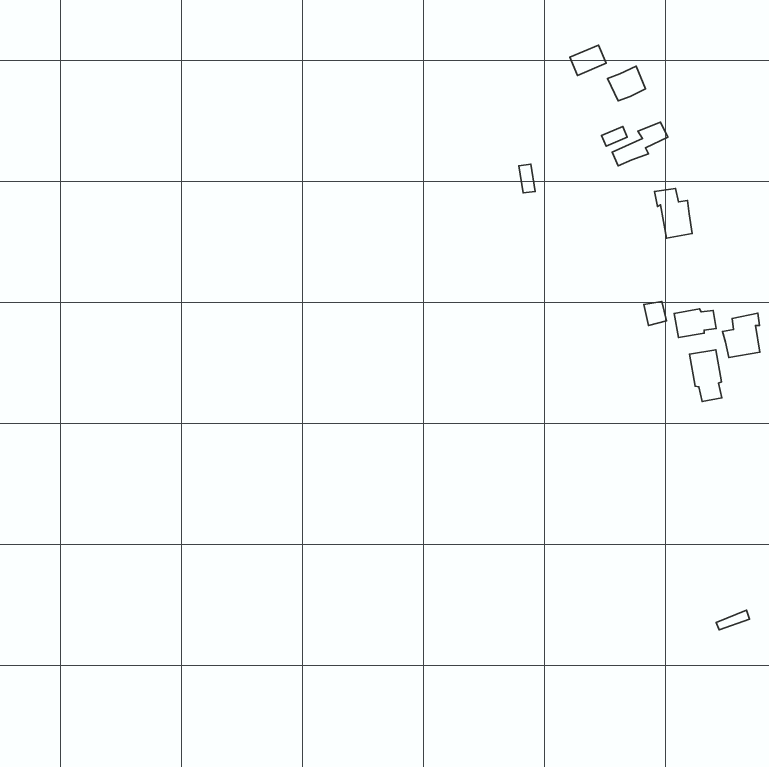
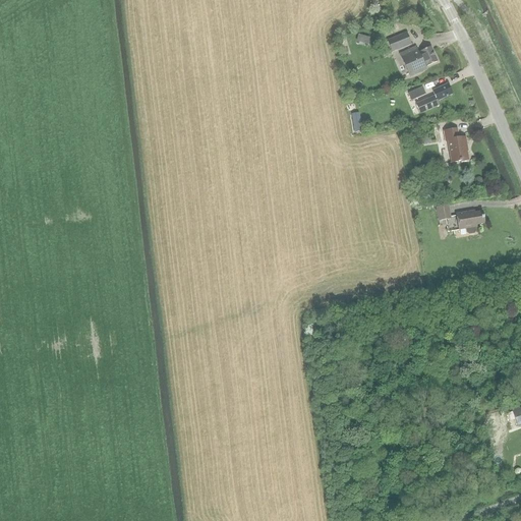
building: [723,313,760,358] -> none
building: [690,350,722,402] -> none

